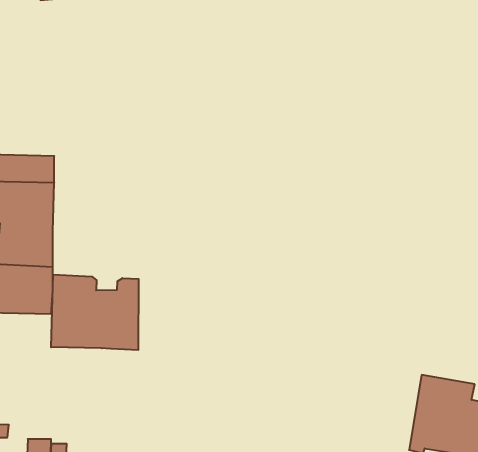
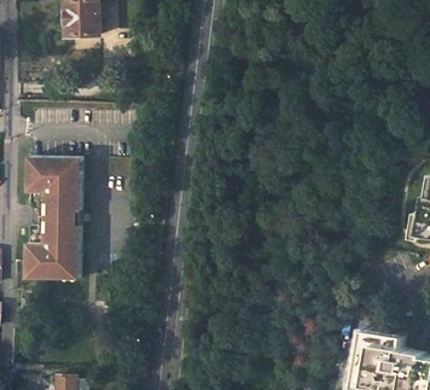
building: [51,275,139,350] -> none

